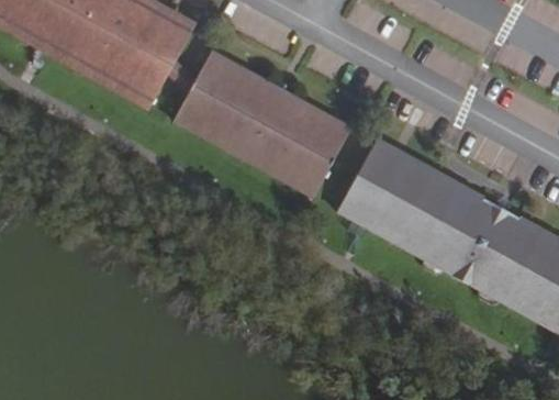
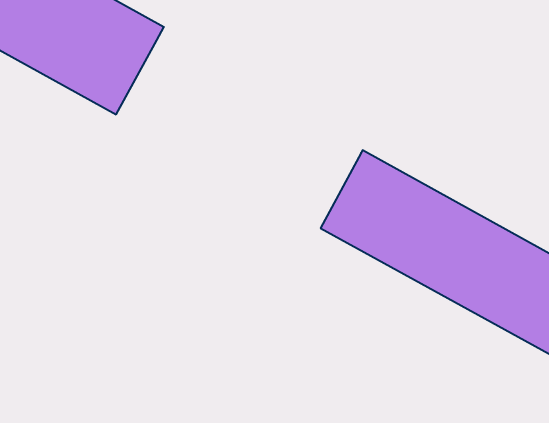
building: [174,52,350,197] -> none

